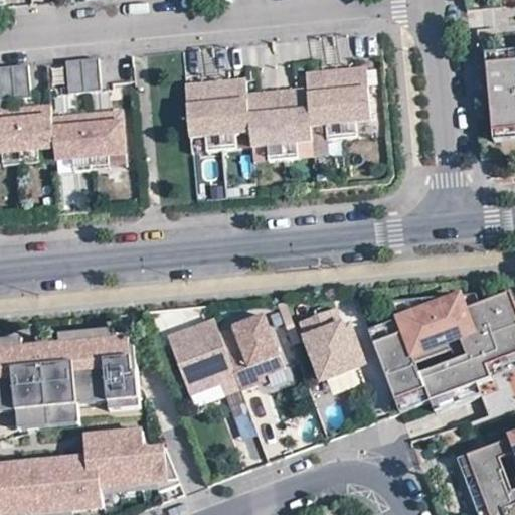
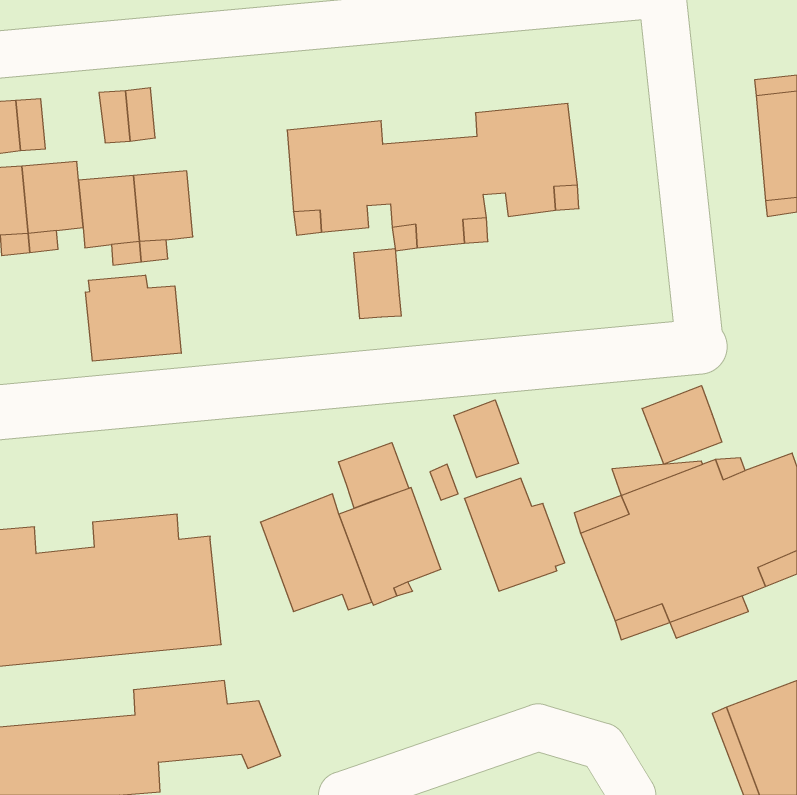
building: none -> [354,248,401,319]
building: none -> [85,275,181,361]
building: none -> [642,386,722,464]
building: none -> [454,400,518,478]
building: none -> [339,443,409,508]

